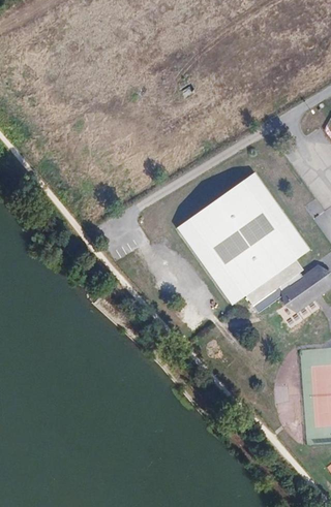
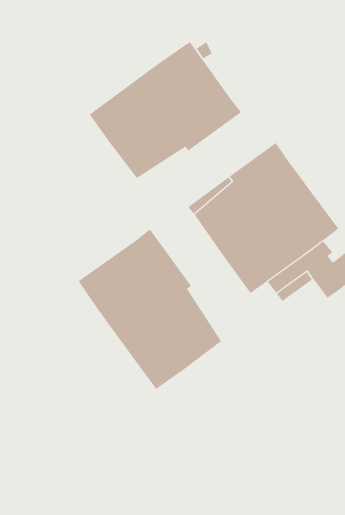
building: none -> [89,41,242,179]
building: none -> [78,229,222,390]

